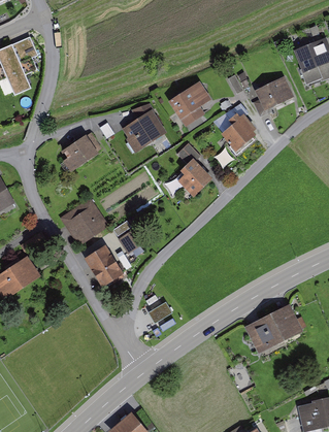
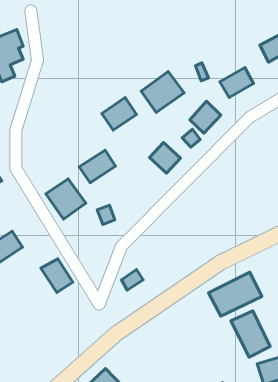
building: [63,133,103,169] -> [79,150,116,183]
building: [86,250,121,287] -> [41,259,73,293]
building: none -> [231,311,270,357]

